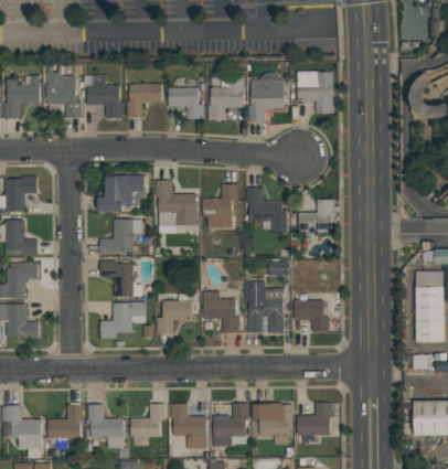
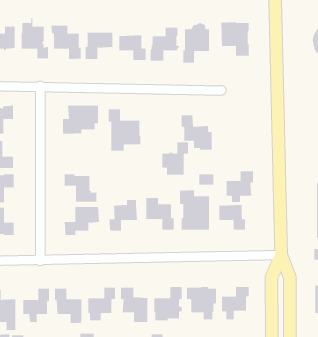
building: [202,183,236,225] -> [162,142,189,175]
building: [298,199,333,238] -> [226,171,254,202]
building: [99,218,140,254] -> none

